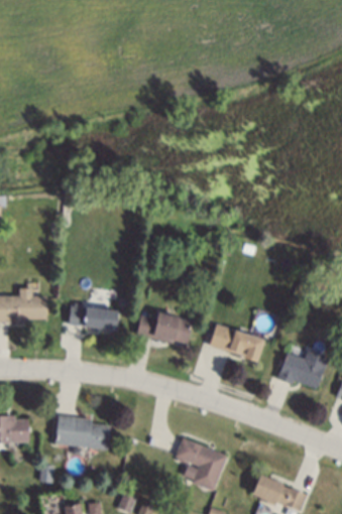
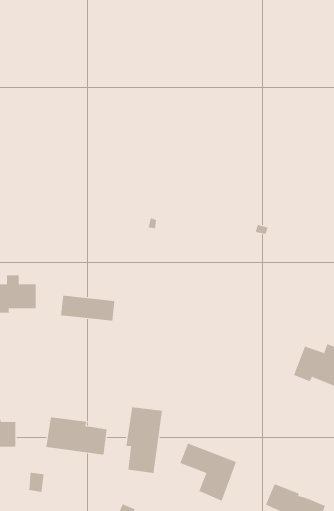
building: [136,313,193,344] -> none
building: [209,324,264,362] -> none
building: none -> [126,406,162,474]

